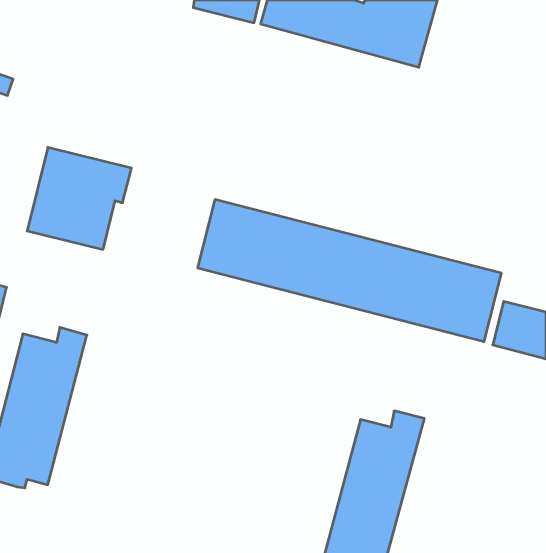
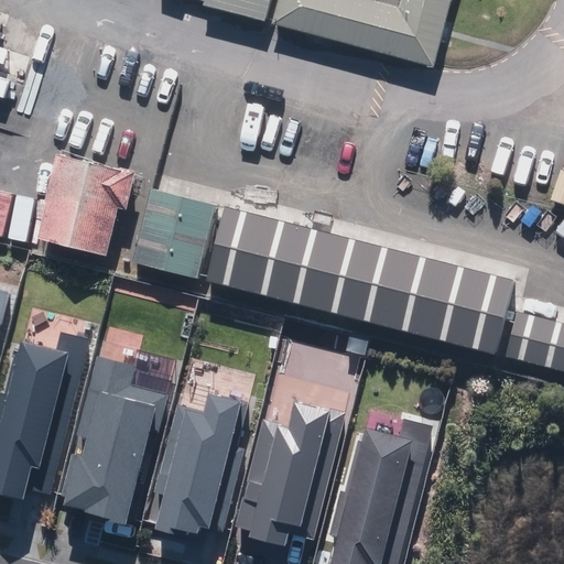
building: none -> [129,183,212,273]
building: none -> [65,357,165,527]
building: none -> [151,393,243,533]
building: none -> [232,400,343,544]

